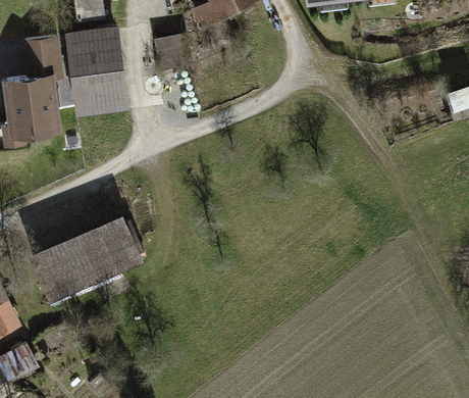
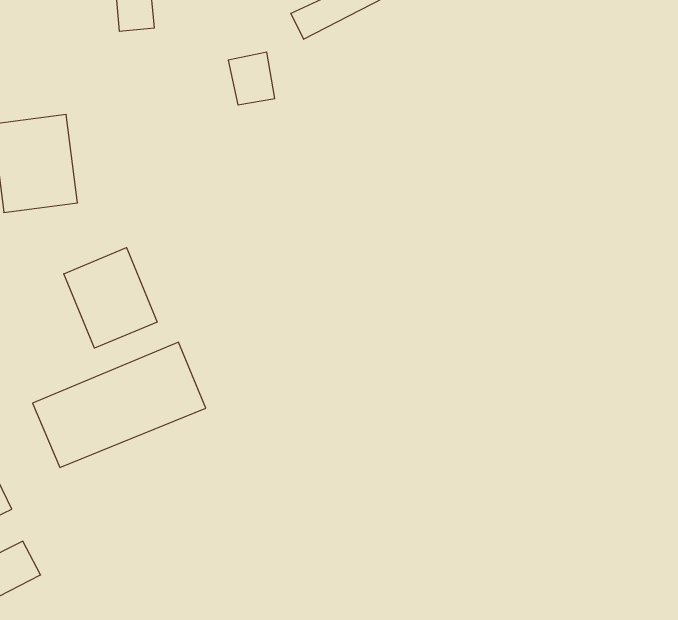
building: [66,31,126,110] -> none
building: [23,38,60,74] -> none
building: none -> [64,248,157,348]

